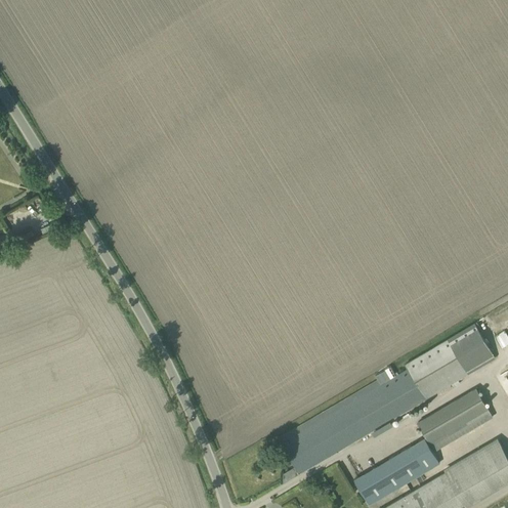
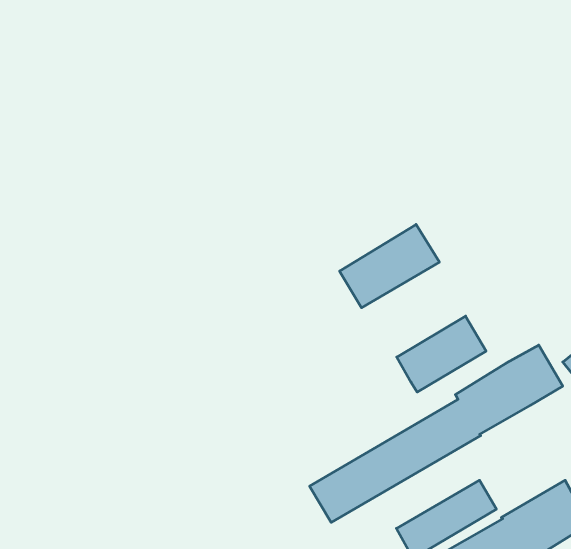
building: none -> [340,224,439,308]
building: [417,388,493,453] -> [397,316,486,392]

